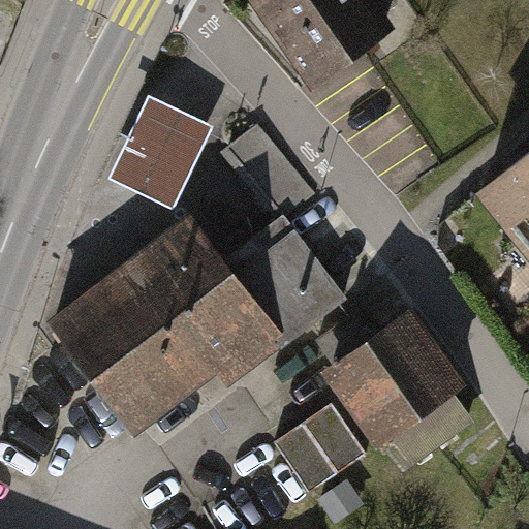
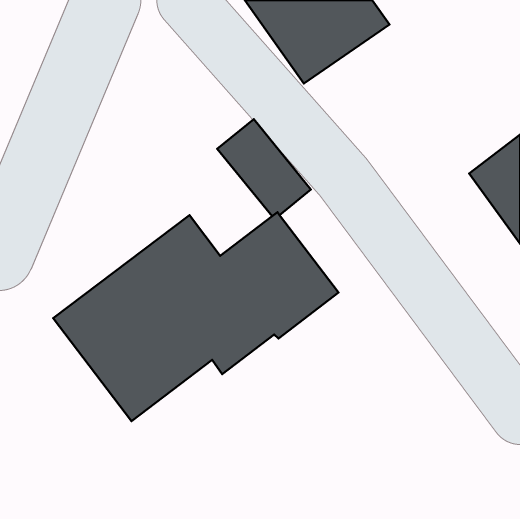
building: [110,96,215,212] -> none
building: [318,308,469,462] -> none
building: [273,404,367,494] -> none

